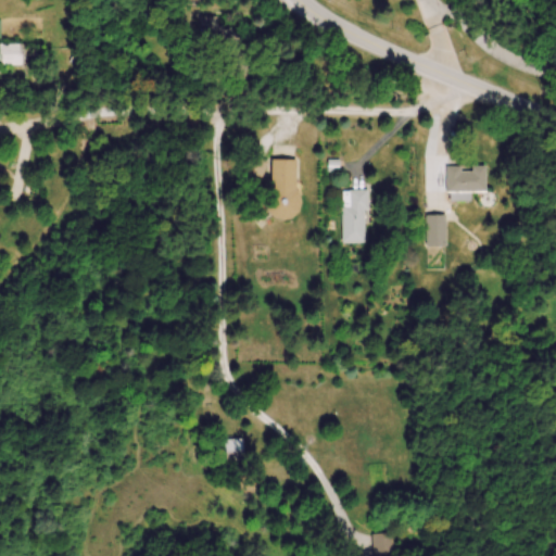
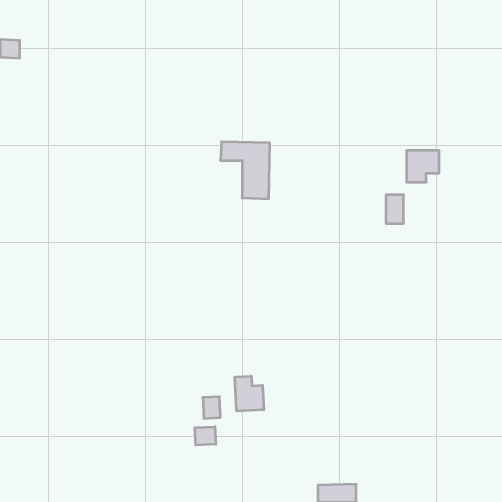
building: [342,189,367,242] -> none
building: none -> [235,376,264,411]
building: none -> [195,427,216,445]

